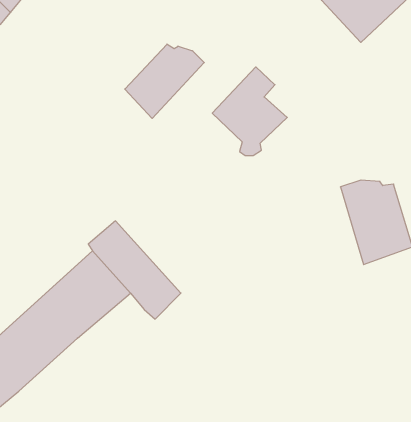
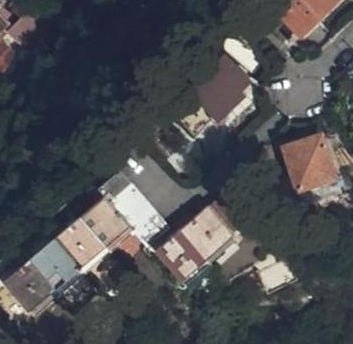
building: [125,44,204,118] -> none
building: none -> [154,206,231,279]

